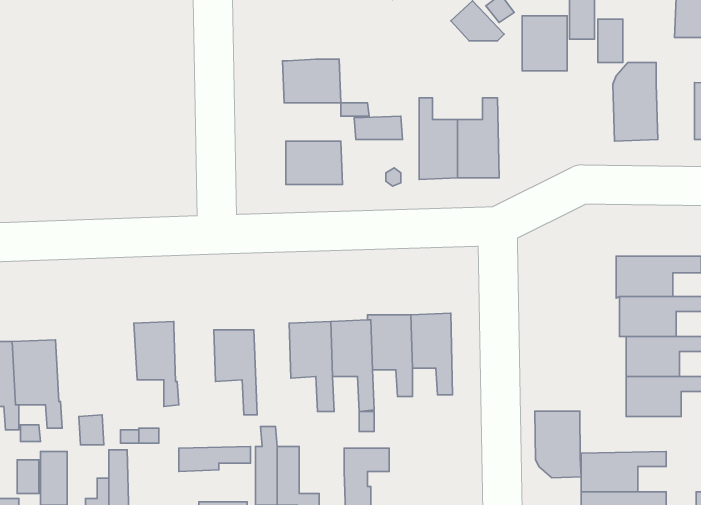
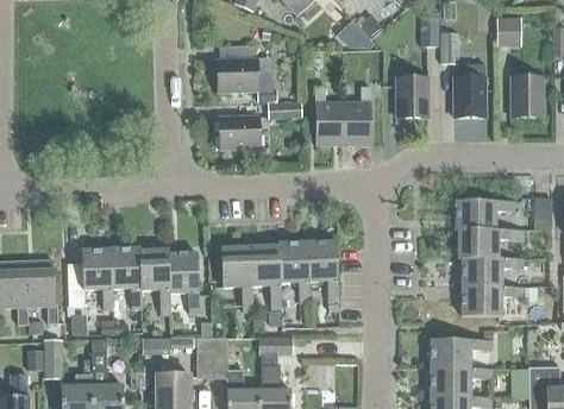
building: [522,16,567,71] -> [395,77,427,117]
building: none -> [68,247,113,307]
building: none -> [139,248,170,314]
building: [535,411,581,478] -> none

